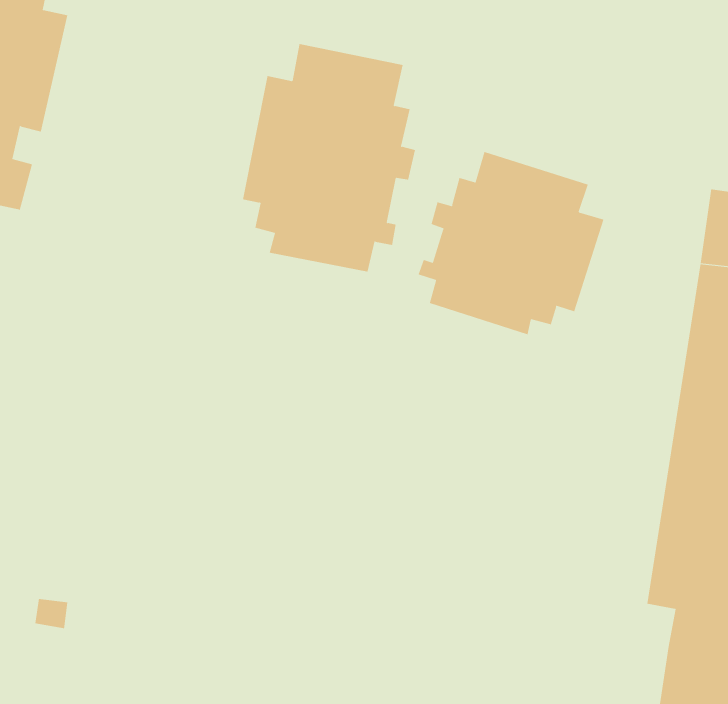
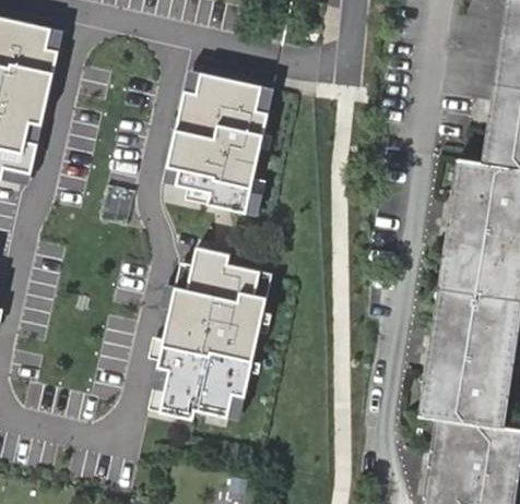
building: [418,151,604,335] -> none
building: none -> [150,247,276,420]

